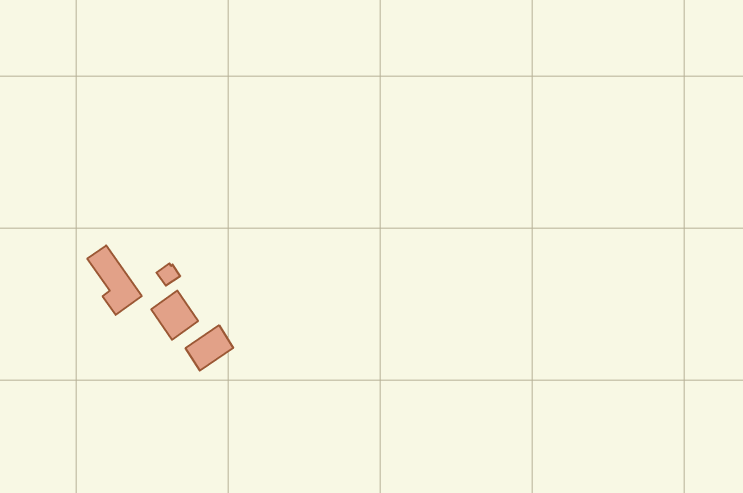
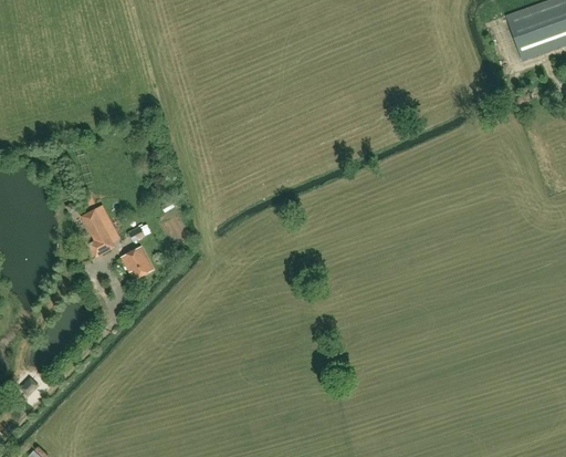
building: [186,325,233,371] -> none

